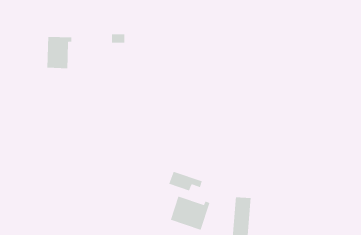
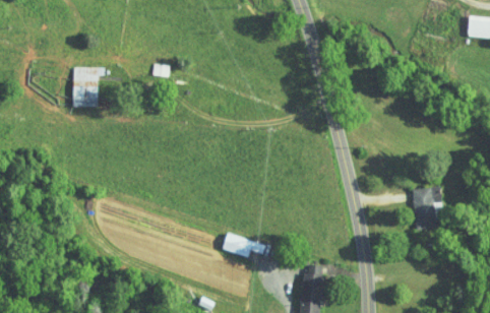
building: none -> [413,187,440,228]
building: [170,196,210,231] -> none

